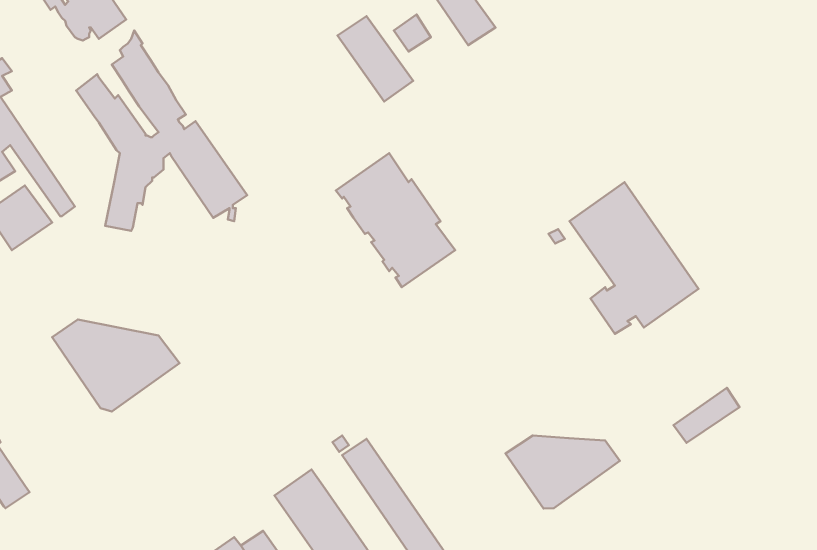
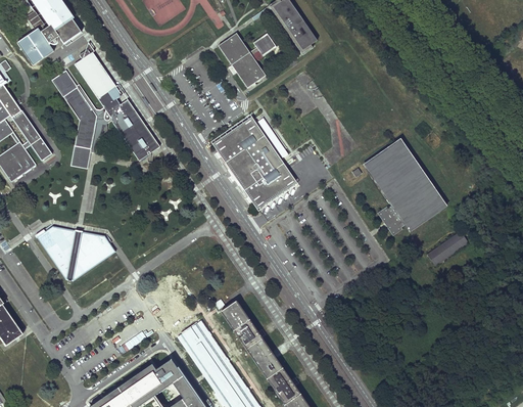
building: none -> [17,27,54,64]
building: [674,388,740,443] -> [426,231,468,266]
building: [505,436,620,508] -> none

